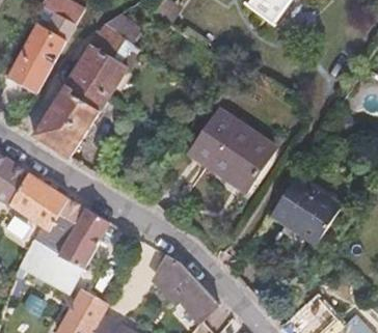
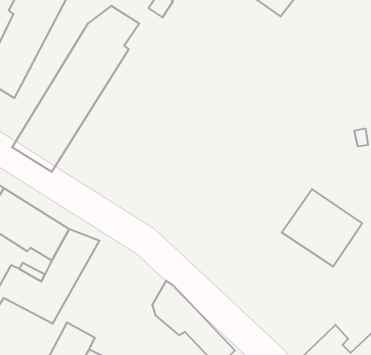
building: [185,104,281,193] -> none

